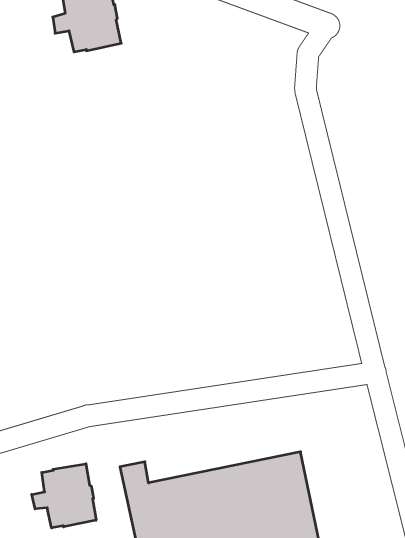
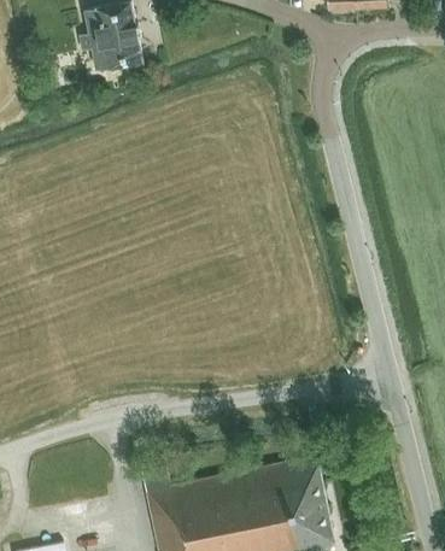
building: [32,464,96,528] -> none

